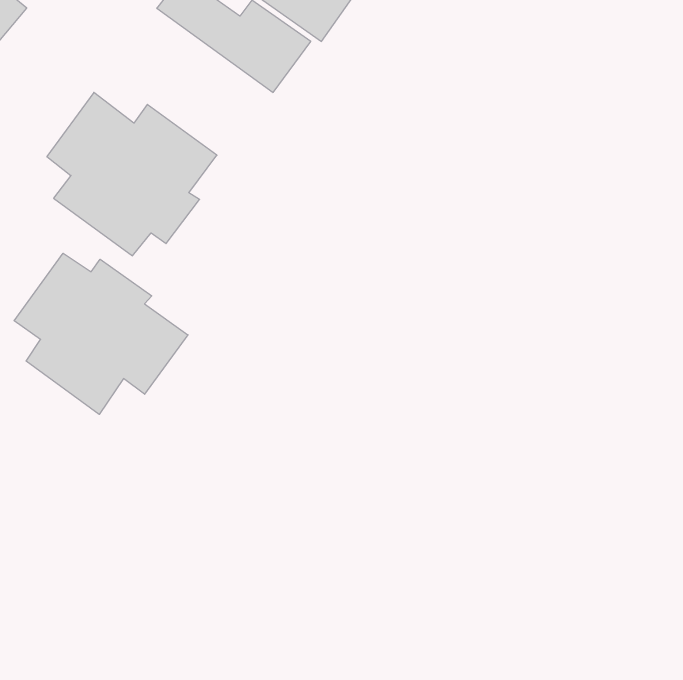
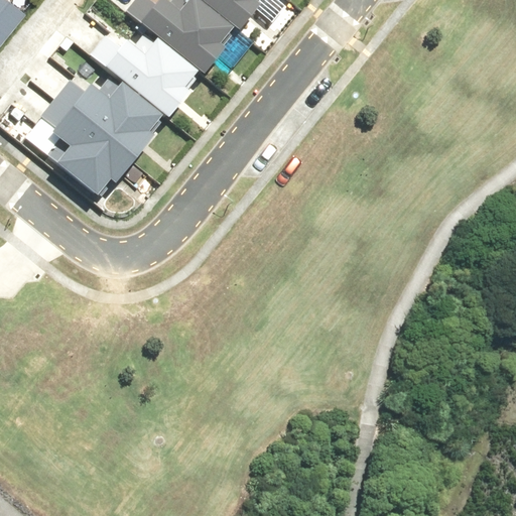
building: none -> [89,27,197,119]
building: [14,253,188,414] -> none

